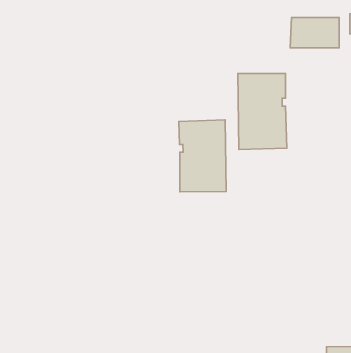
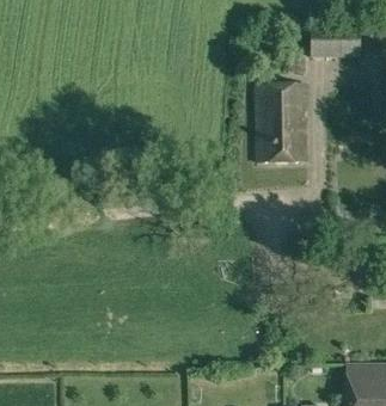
building: [179,120,226,192] -> none

